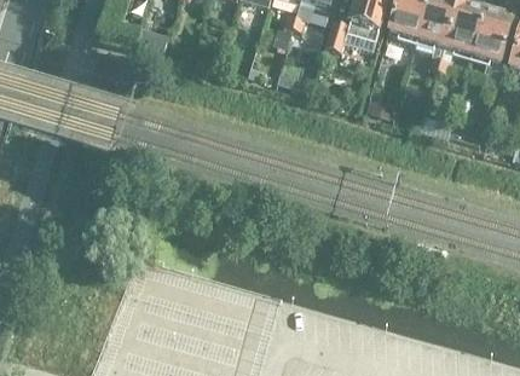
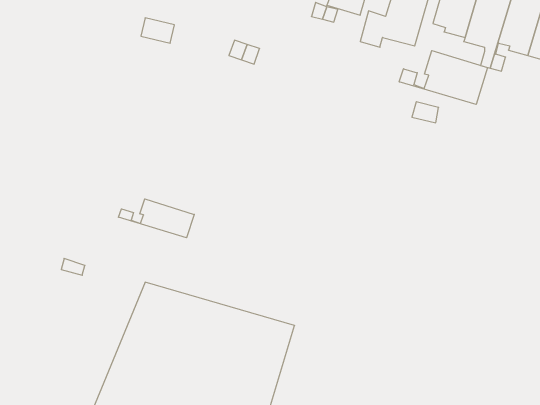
building: none -> [399,51,488,104]
building: none -> [118,199,194,238]

